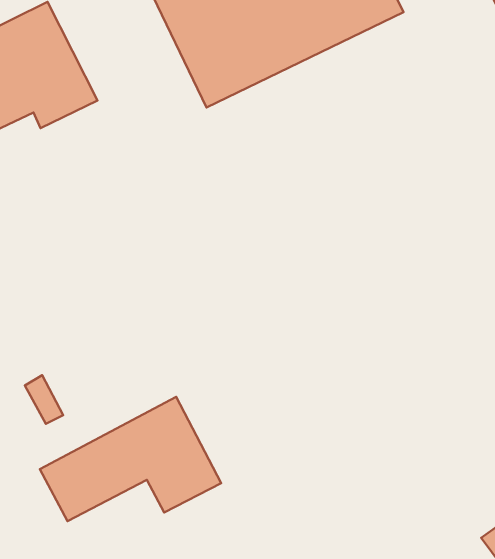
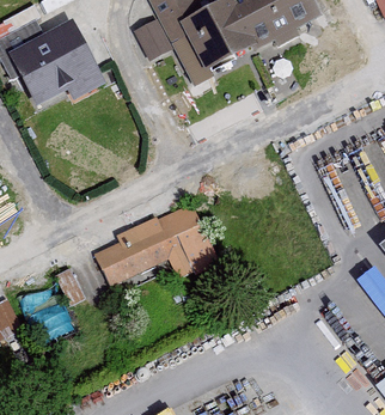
building: [40,397,221,521] -> [93,200,219,286]

